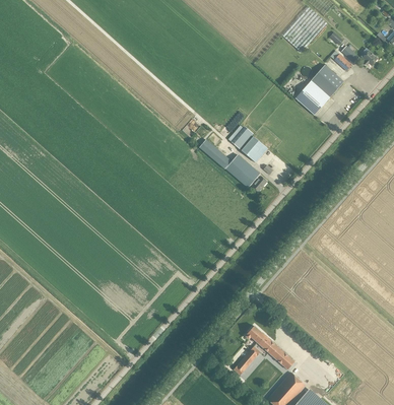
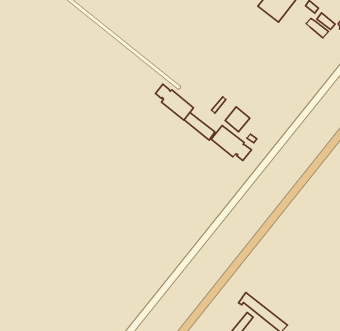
building: [296,64,343,114] -> none
building: none -> [155,84,193,120]

